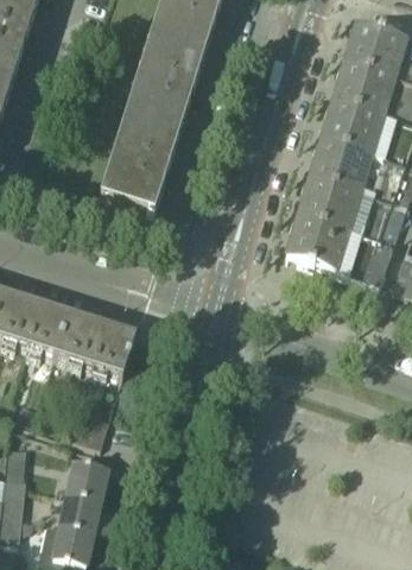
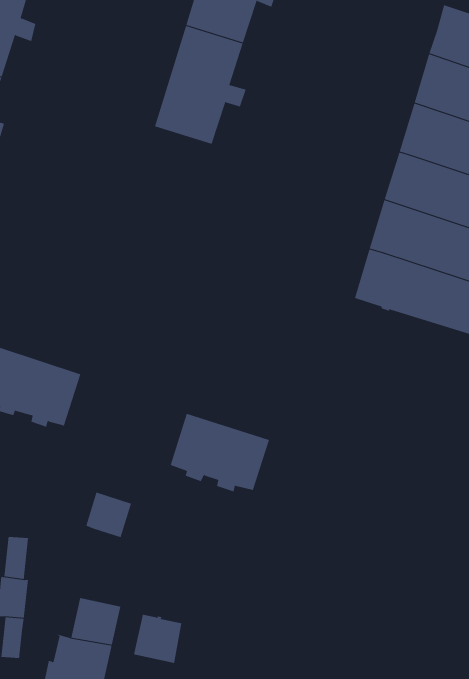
building: [100,118,175,213] -> none
building: [55,315,134,378] -> [170,413,270,492]
building: [66,461,106,500] -> [133,614,182,663]

